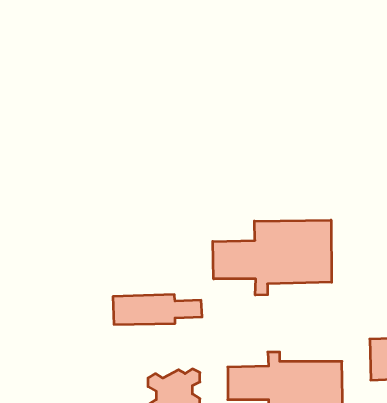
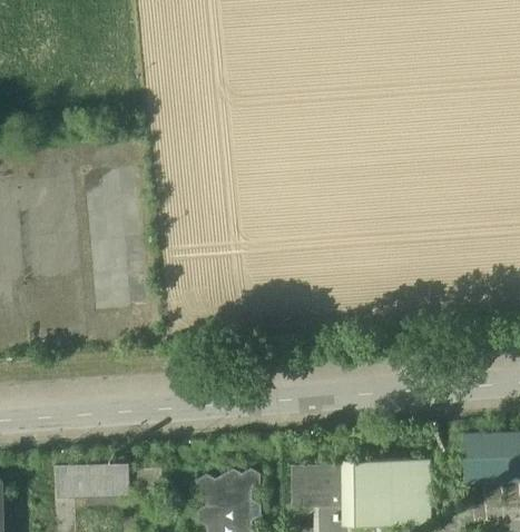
building: [213,220,332,295] -> none
building: [113,295,202,324] -> [55,462,161,497]

